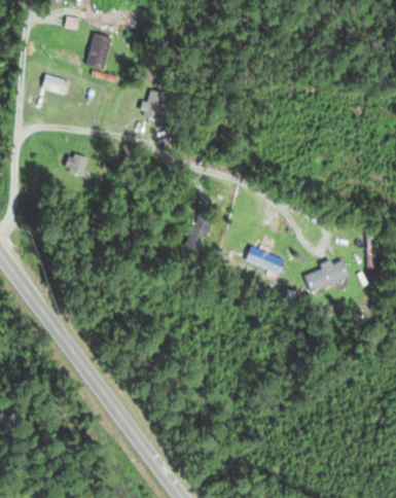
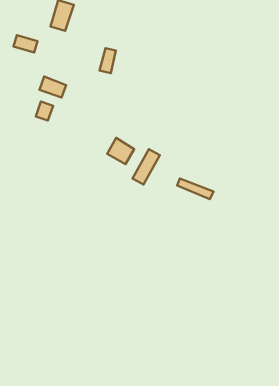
building: none -> [39,76,66,98]
building: none -> [107,138,134,164]
building: [303,259,349,291] -> none

